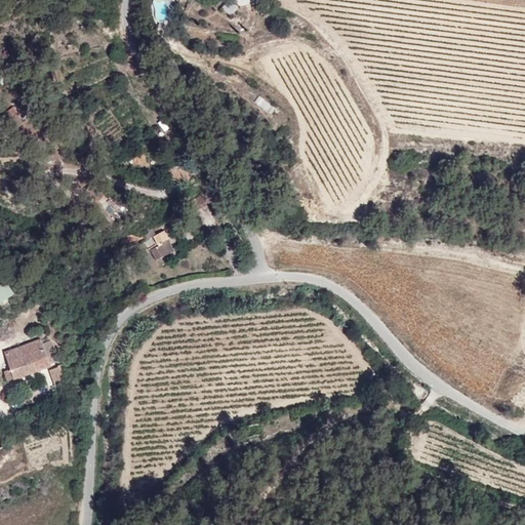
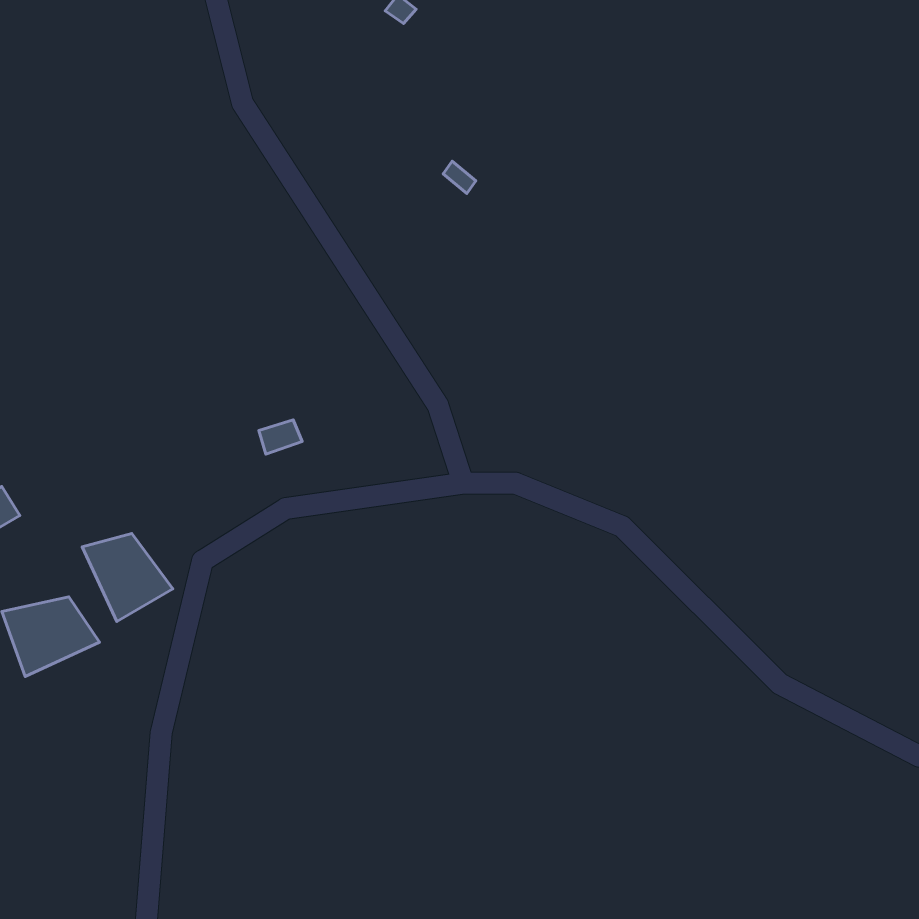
building: none -> [82,534,173,622]

